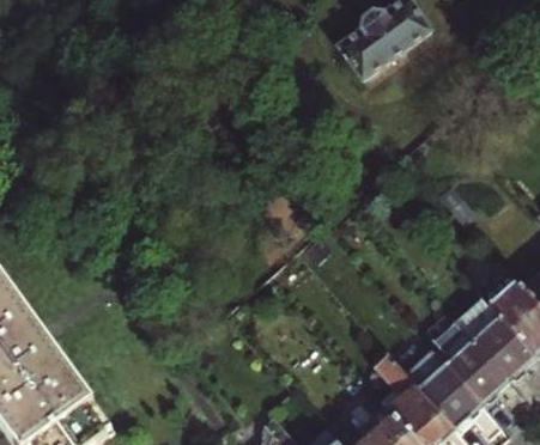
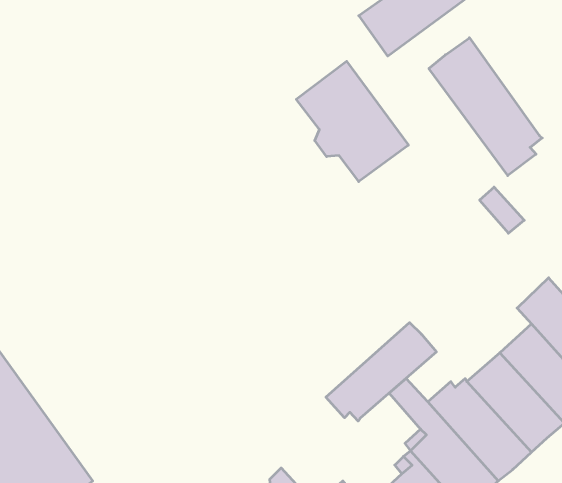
building: none -> [429,38,542,176]
building: none -> [296,61,408,182]
building: none -> [326,323,436,421]

